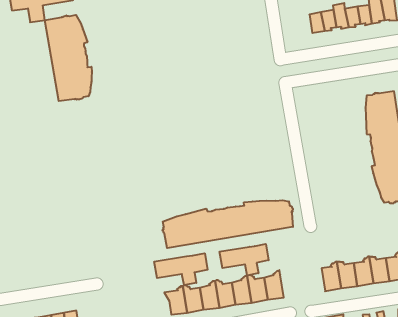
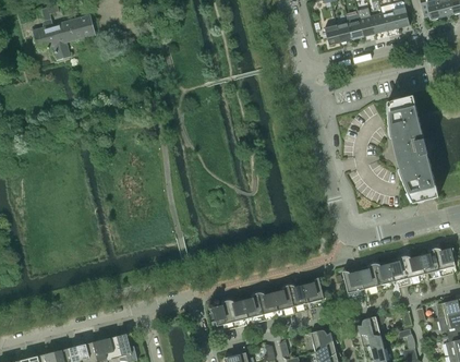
building: [45,15,92,101] -> none
building: [162,200,293,248] -> none
building: [220,244,269,275] -> none
building: [154,253,208,285] -> none
building: none -> [342,272,364,300]

